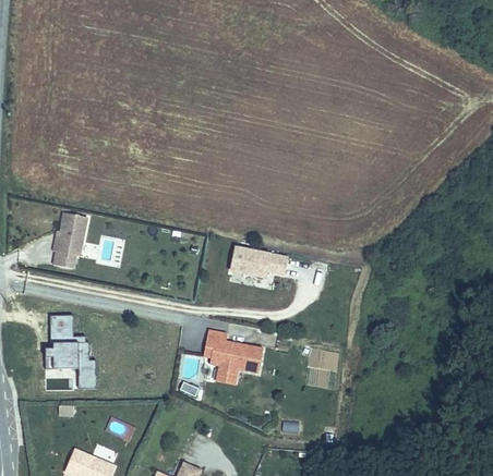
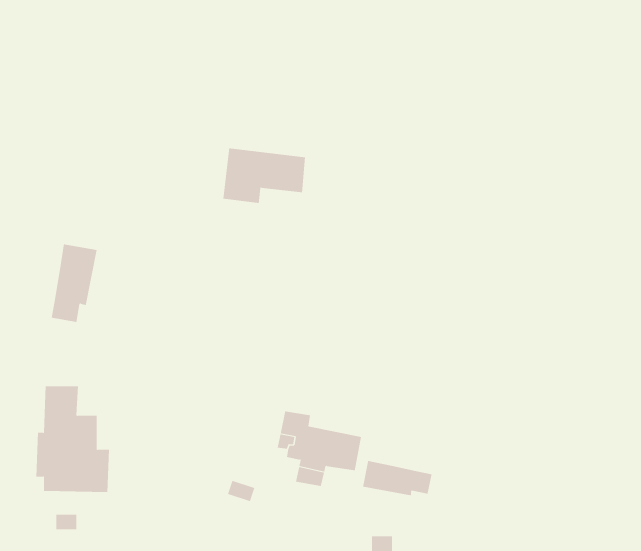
building: [221,245,280,284] -> [222,148,306,204]
building: none -> [362,460,432,496]

